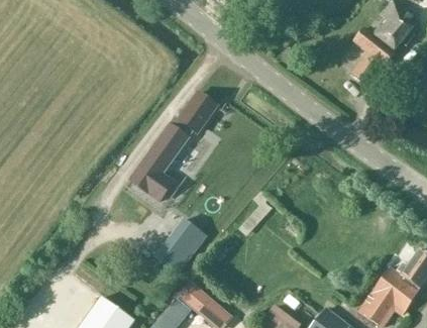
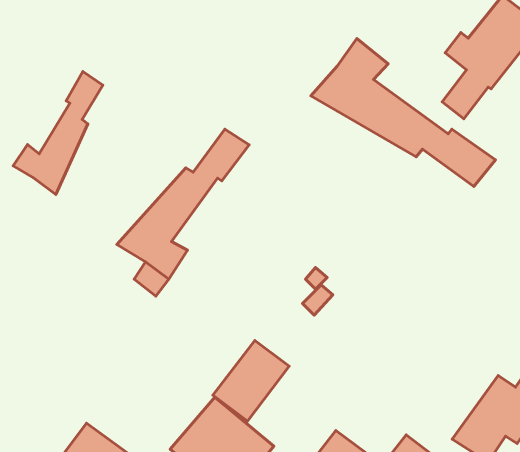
building: none -> [311,38,496,186]
building: none -> [13,71,103,194]
building: [153,217,207,274] -> [213,340,289,421]

